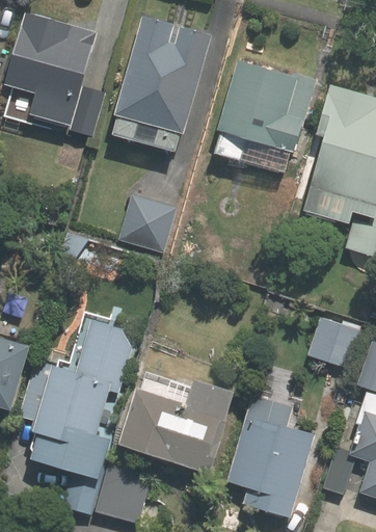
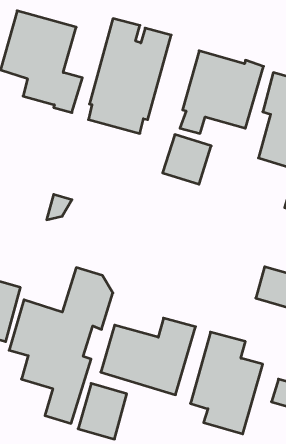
building: [115,188,173,247] -> [163,135,211,184]

